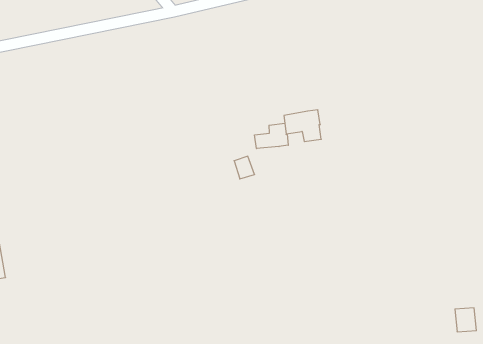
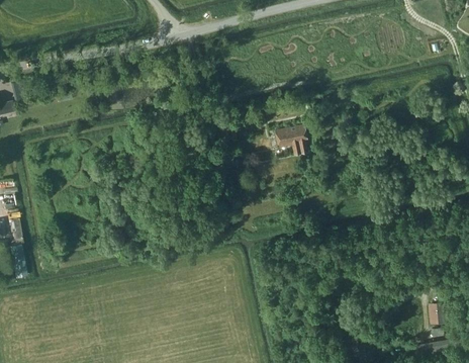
building: [255,123,288,149] -> none

